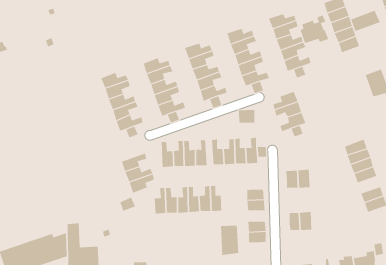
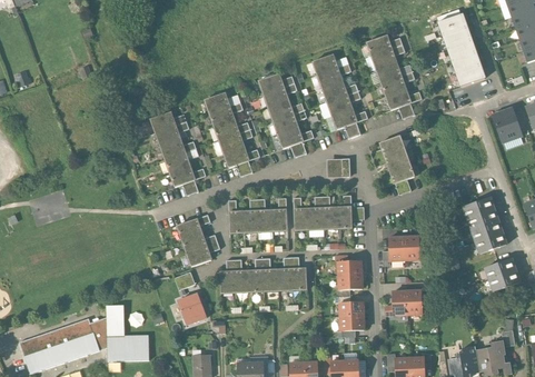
building: [350,10,381,32] -> none
building: [300,15,329,44] -> none
building: none -> [178,291,206,324]
building: [220,225,239,256] -> none

